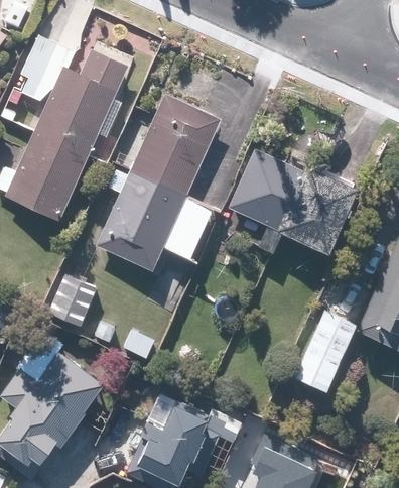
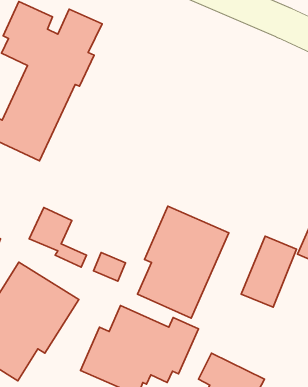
building: [95,95,223,272] -> none
building: [227,149,363,255] -> none
building: none -> [138,206,229,318]

